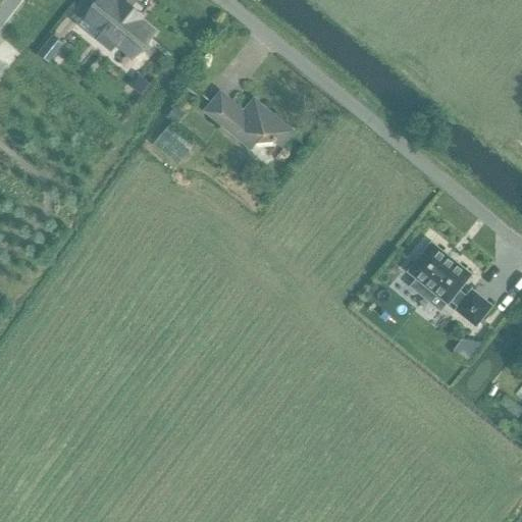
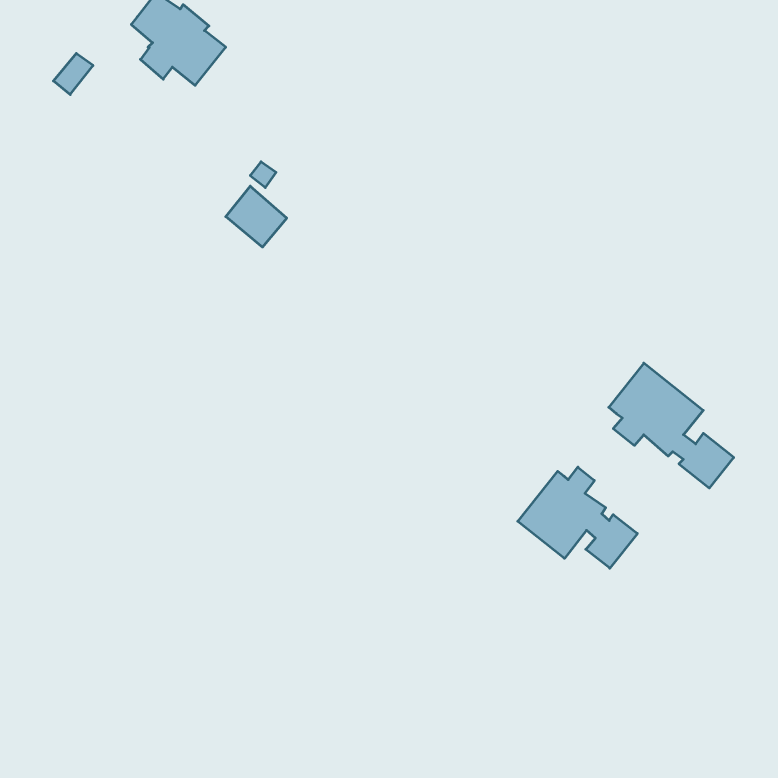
building: [203,92,292,149] -> none
building: none -> [518,467,637,568]

